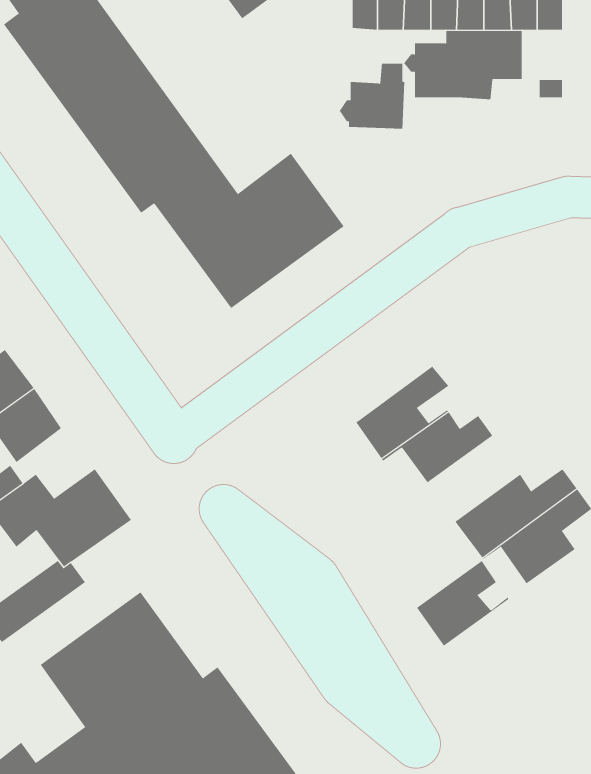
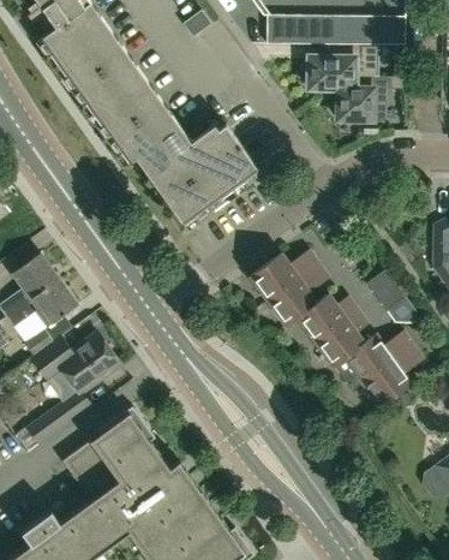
building: [339,63,405,129] -> [330,76,373,119]
building: none -> [250,249,318,300]
building: none -> [366,269,405,310]
building: [416,560,510,646] -> [315,309,376,365]

